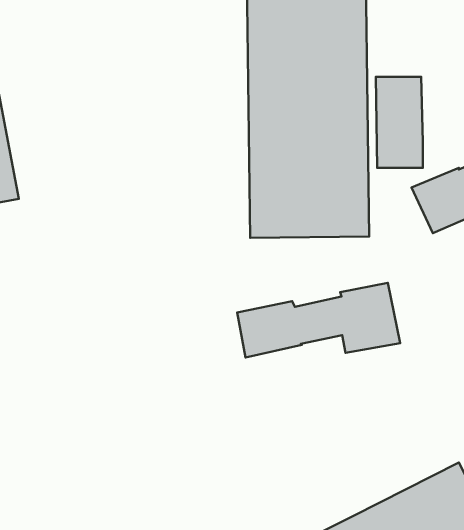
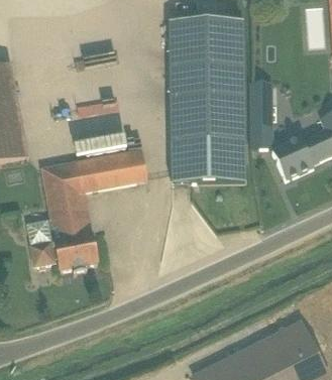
building: none -> [26,148,146,269]
building: [237,283,400,357] -> none

